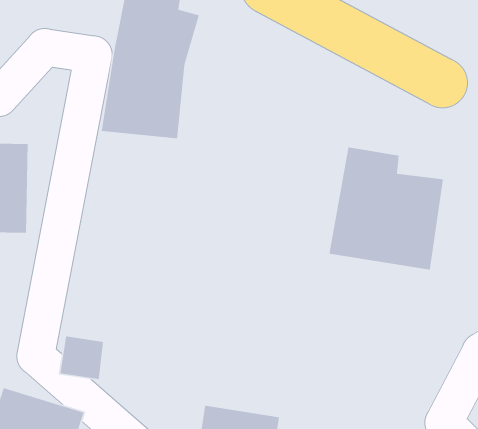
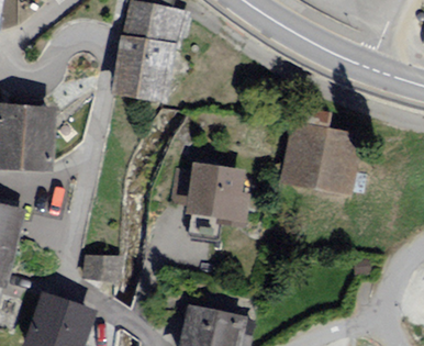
building: none -> [189,168,248,222]

